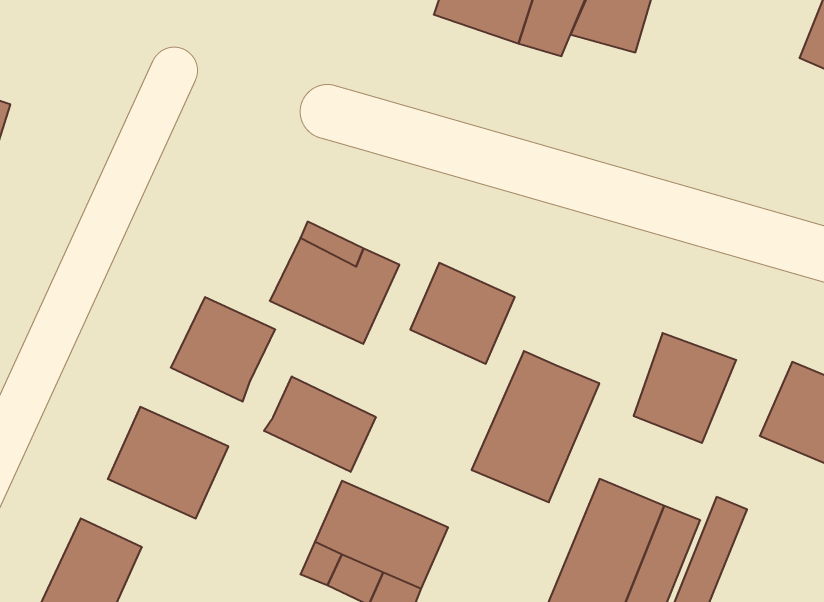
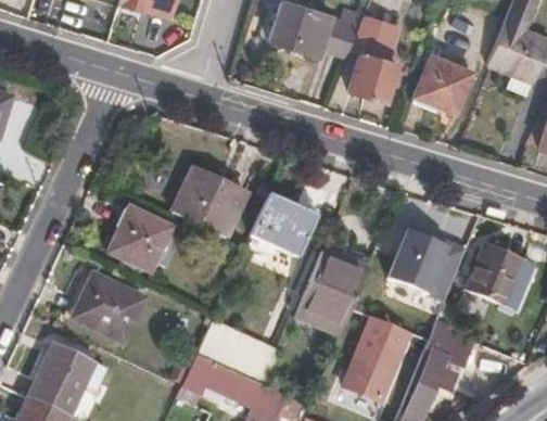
building: none -> [347,53,398,102]
building: none -> [414,55,471,114]
building: [264,376,376,472] -> none

